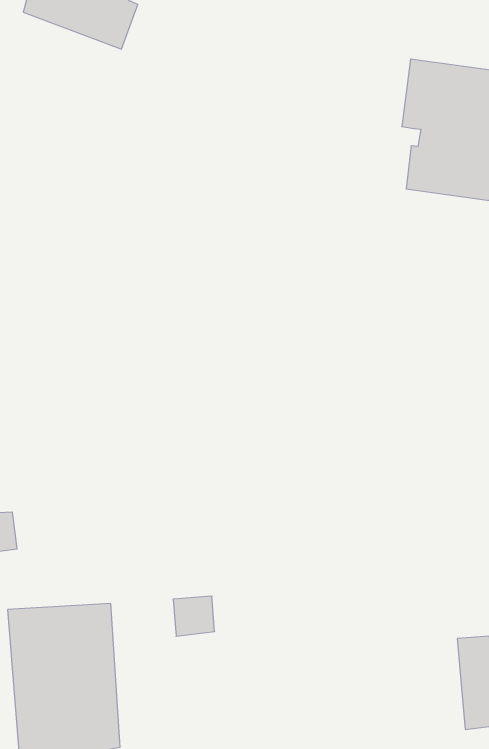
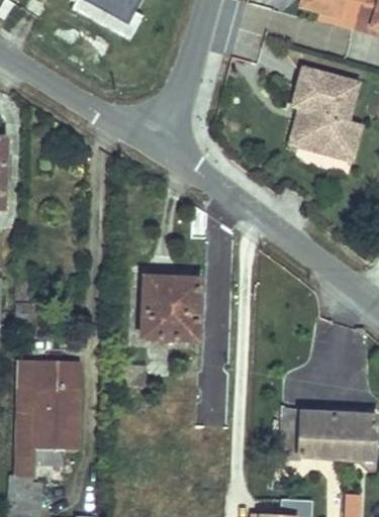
building: none -> [139,281,199,344]

